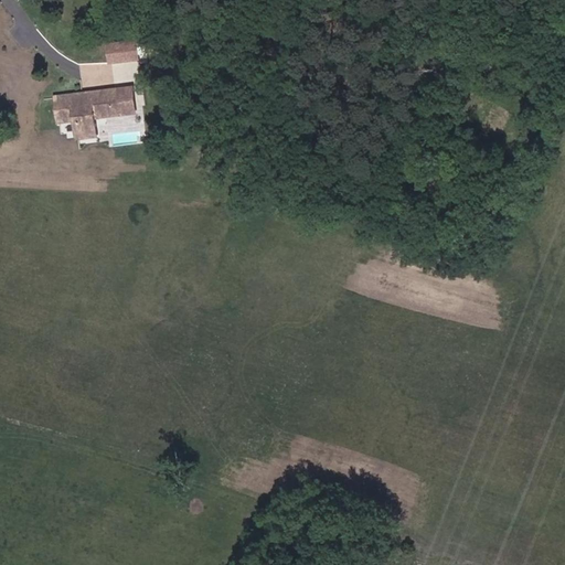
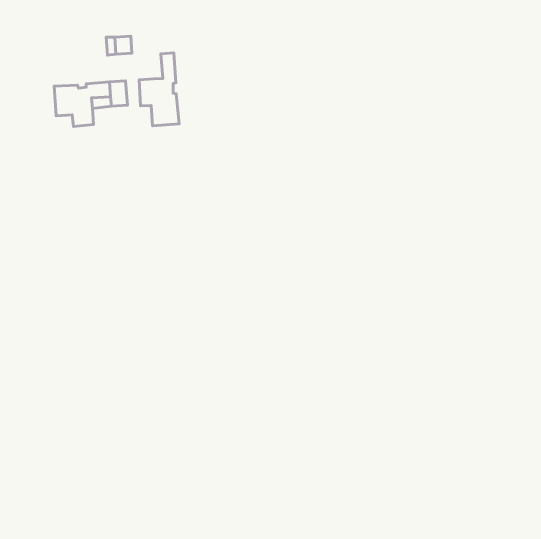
building: none -> [139,53,179,126]

